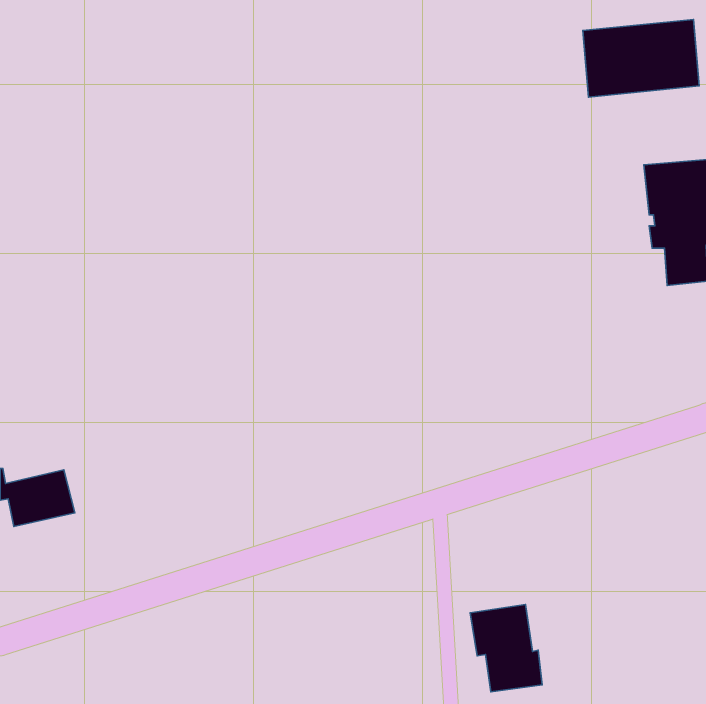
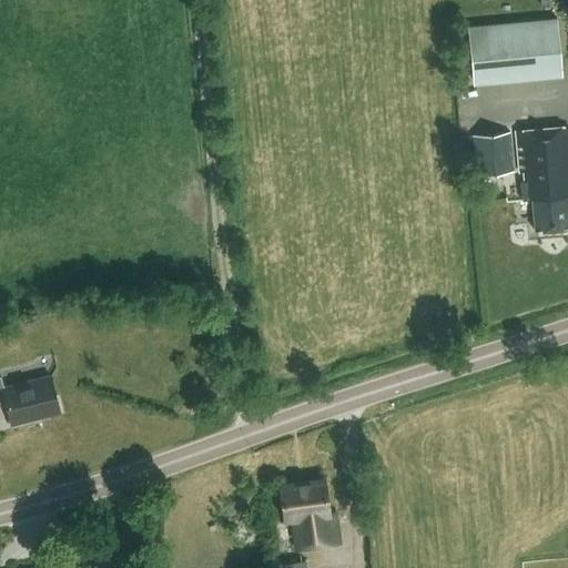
building: none -> [474,134,516,178]
building: [470,604,542,692] -> [281,481,338,551]

